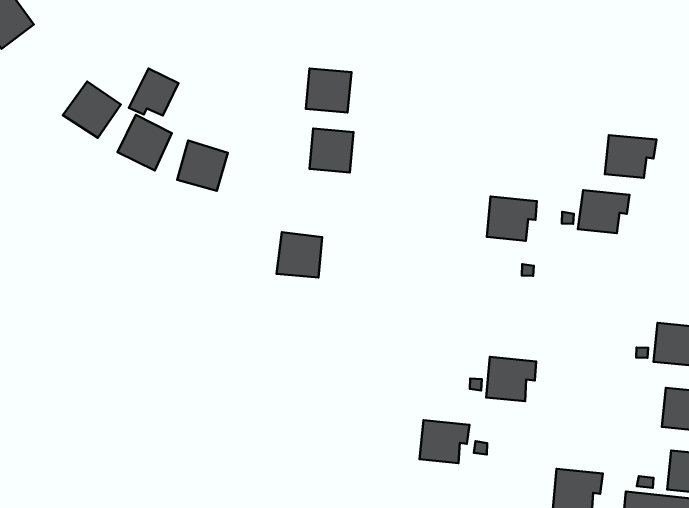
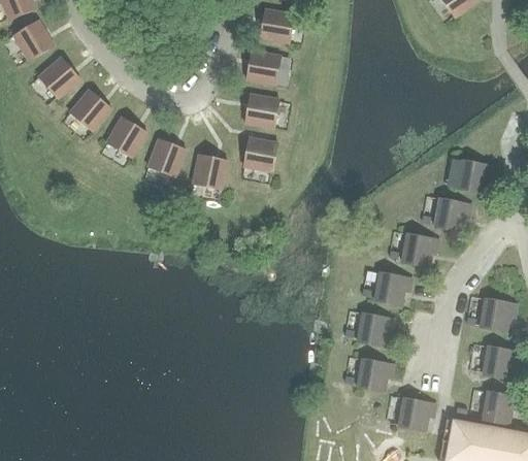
building: none -> [246,51,280,85]
building: none -> [38,57,80,99]
building: [129,68,179,116] -> none
building: [487,197,537,241] -> [401,233,439,267]
building: [277,232,322,278] -> [192,154,227,189]
building: none -> [374,272,412,305]
building: [420,420,470,463] -> [357,359,395,392]

